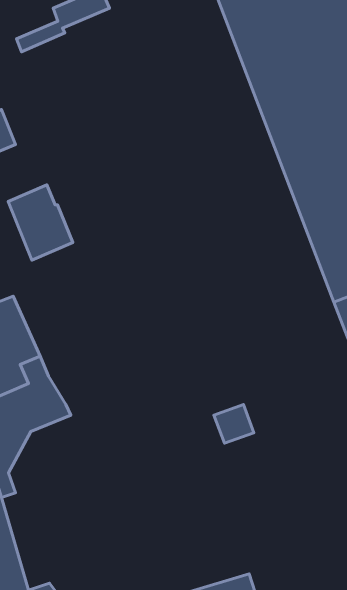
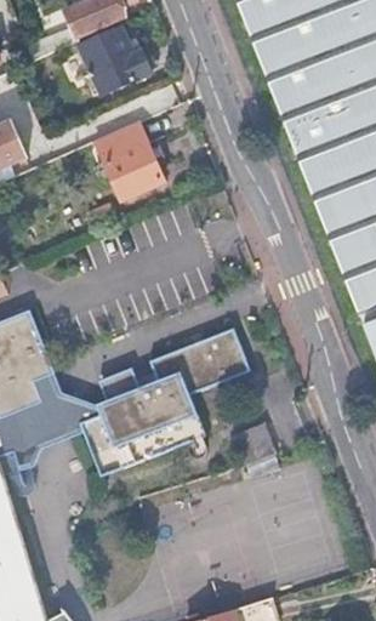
building: none -> [82,25,154,93]
building: [8,185,73,260] -> [97,120,164,198]
building: none -> [80,327,250,477]

